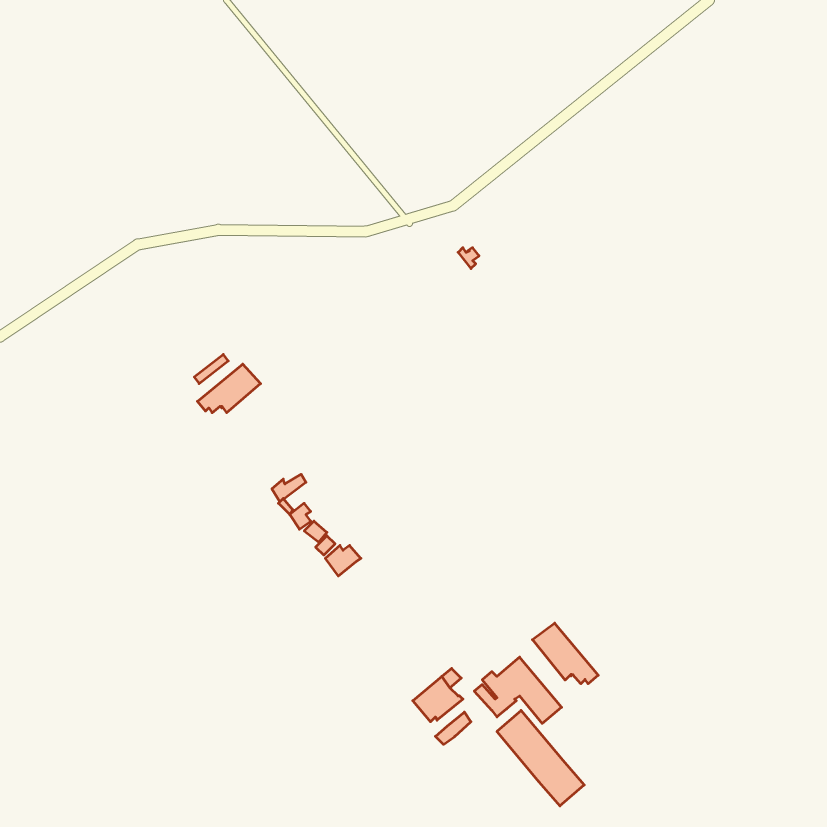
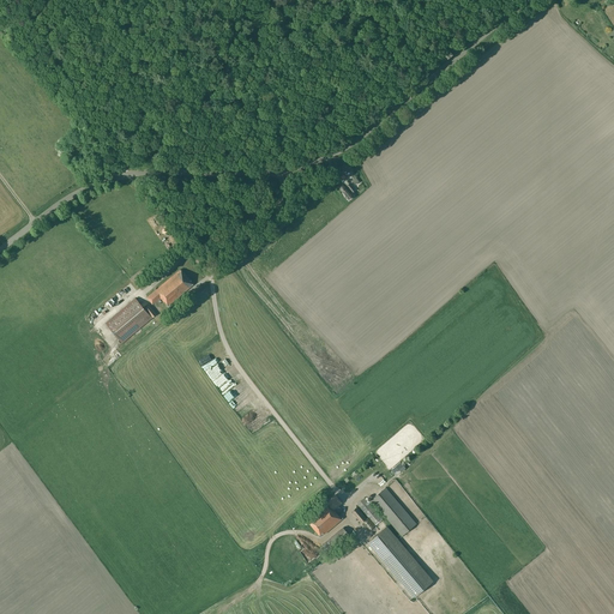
building: none -> [106,297,157,343]
building: [532,623,598,684] -> none

